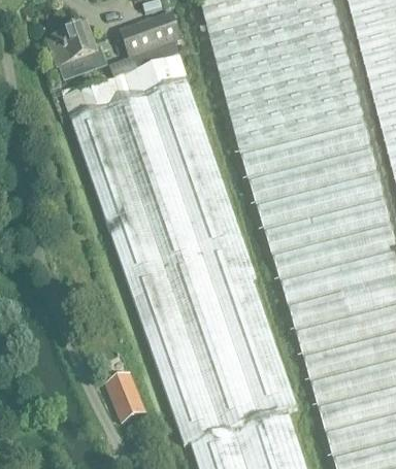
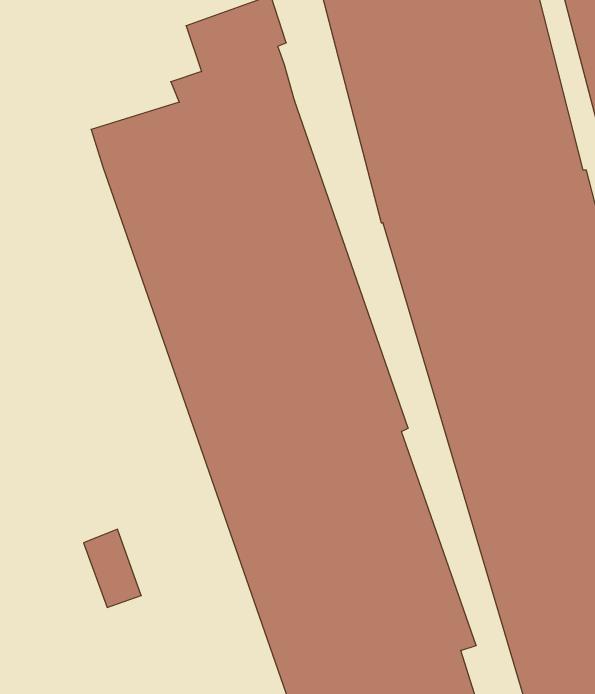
building: [50,28,112,75] -> none
building: [108,378,143,426] -> [84,529,141,607]

